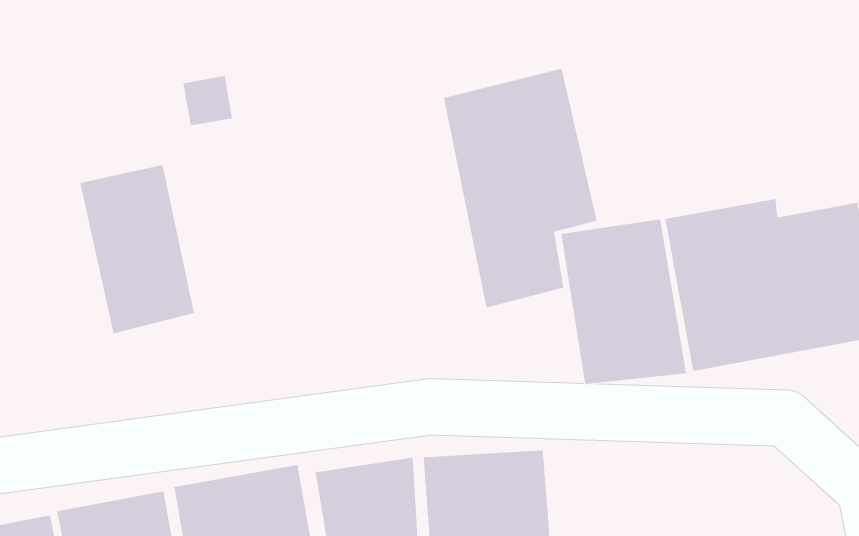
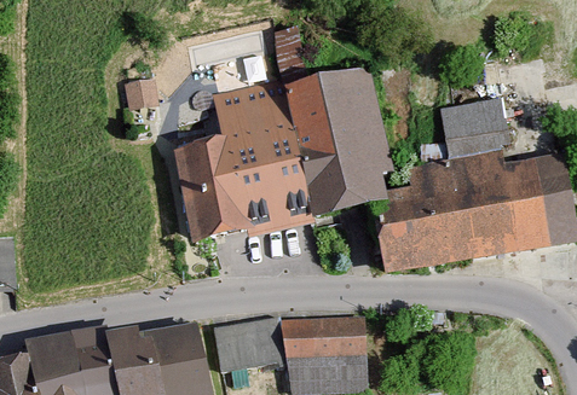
building: none -> [221,75,319,232]
building: none -> [438,89,504,134]
building: [79,164,195,334] -> [172,135,247,245]

